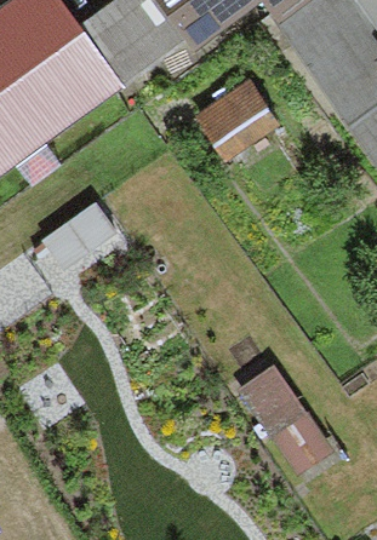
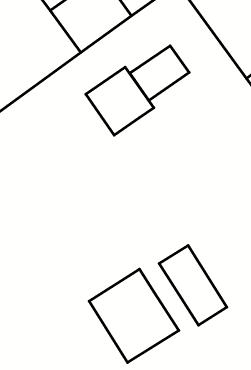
building: none -> [86,67,154,135]
building: none -> [89,269,179,362]

